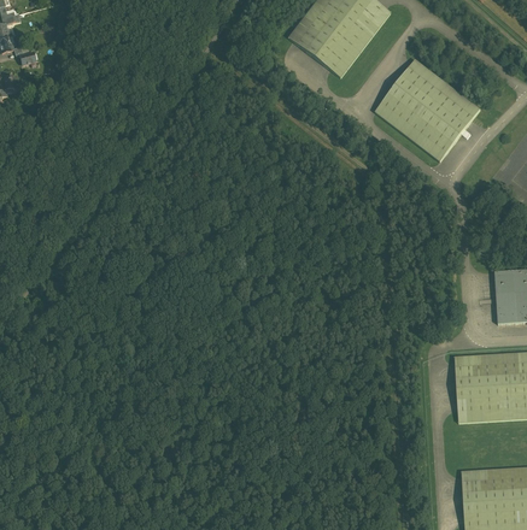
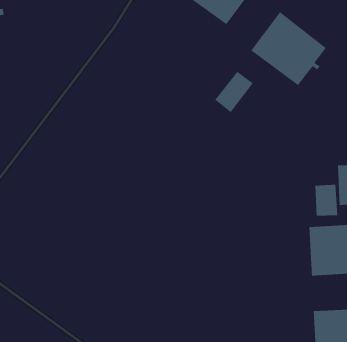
building: none -> [214,71,254,113]
building: none -> [315,184,338,217]

